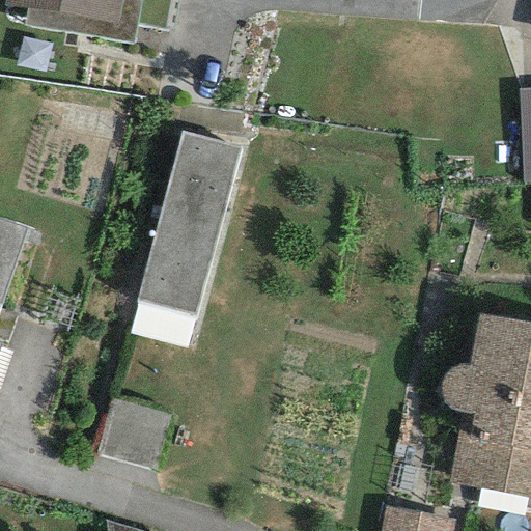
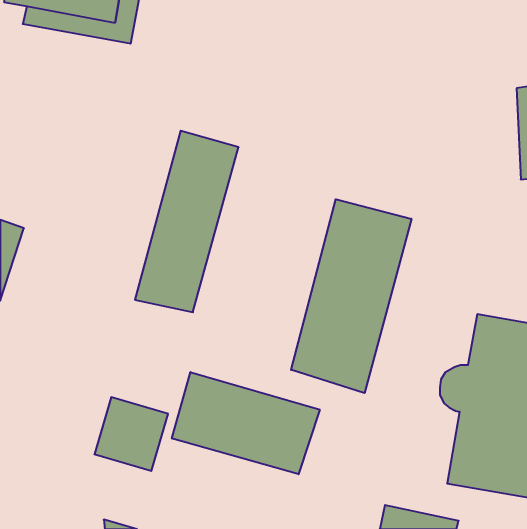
building: none -> [291,199,411,393]
building: none -> [172,372,320,474]

